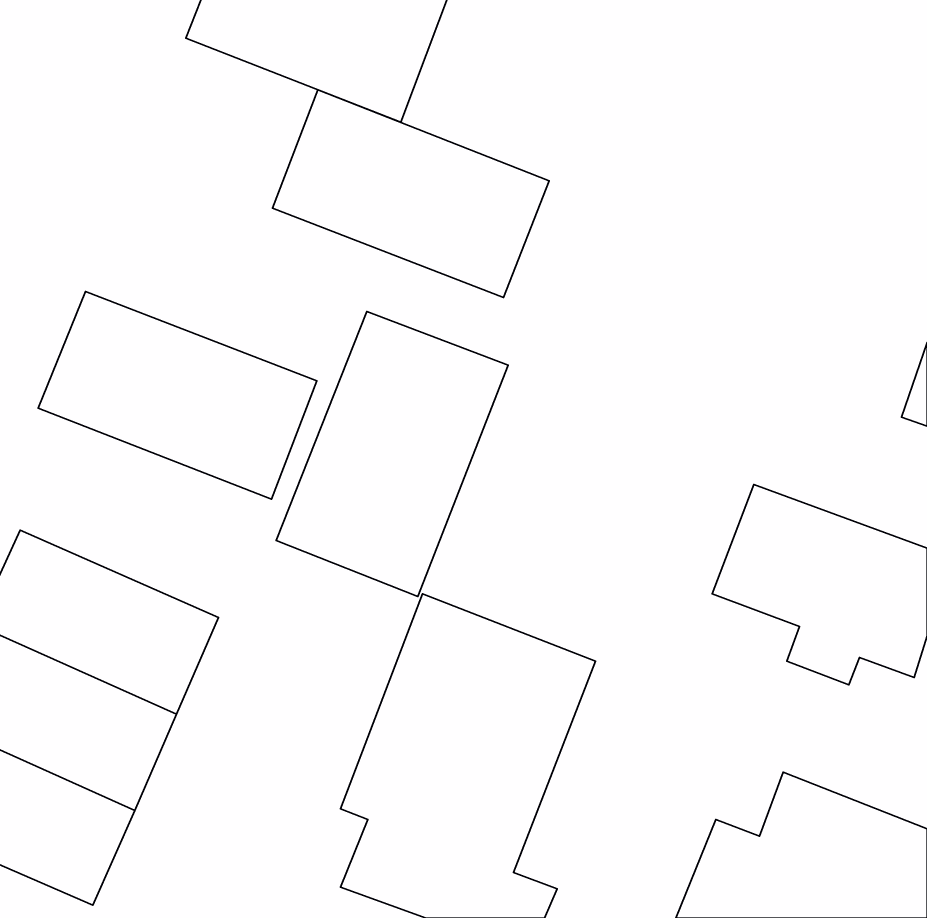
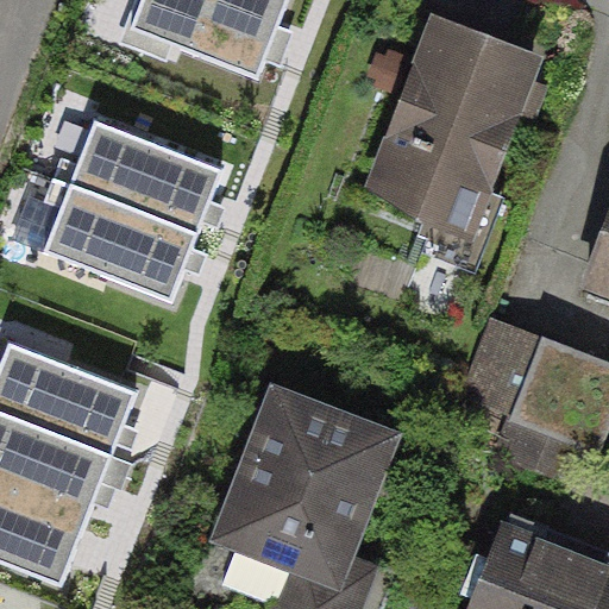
building: none -> [363,20,542,233]
building: [272,90,549,297] -> [56,113,237,249]
building: [276,312,508,597] -> none

